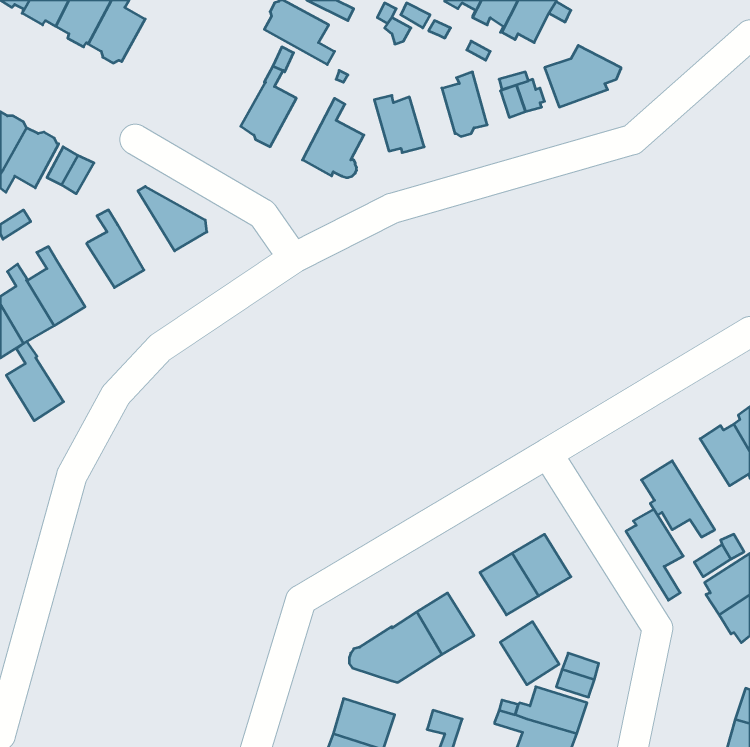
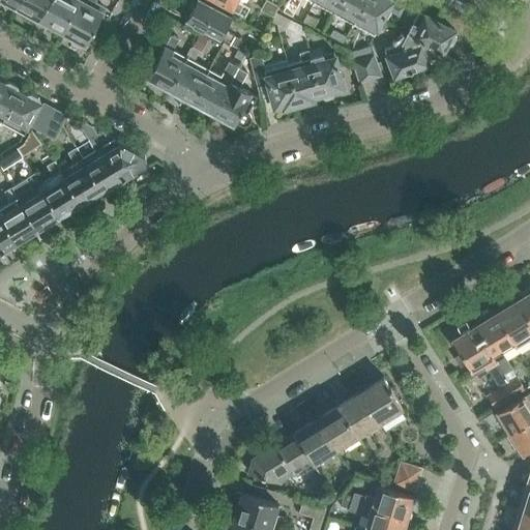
building: none -> [408,13,457,53]
building: none -> [148,36,187,91]
building: none -> [289,60,321,106]
building: none -> [190,67,236,115]
building: none -> [81,125,123,193]
building: [6,341,64,421] -> [40,163,81,218]
building: [626,509,683,600] -> [474,312,514,376]
building: [500,622,559,685] -> [316,406,357,450]

